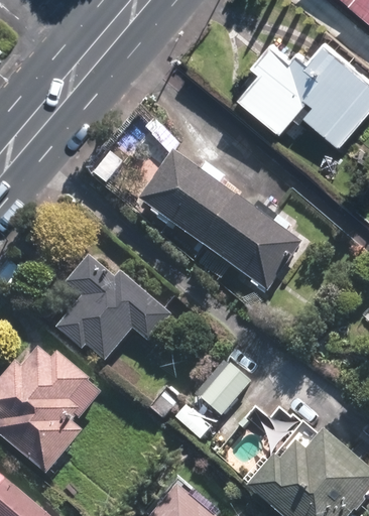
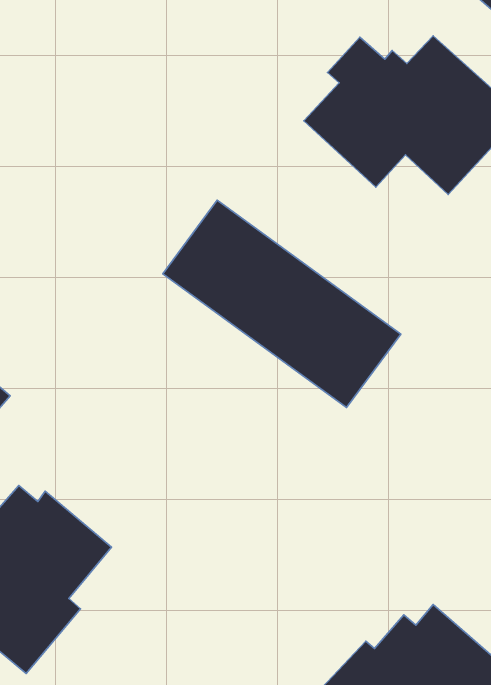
building: [55,249,172,362] -> none
building: [191,359,248,417] -> none

